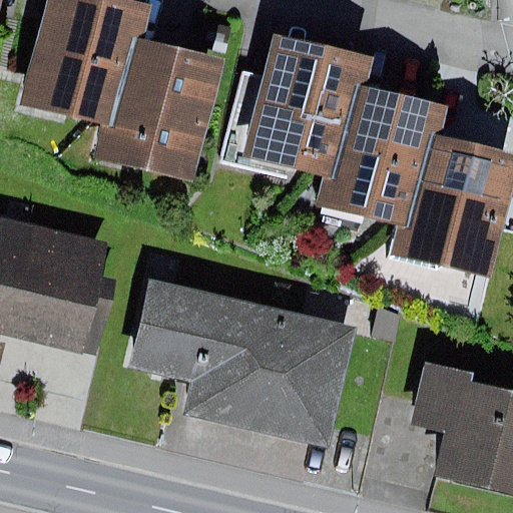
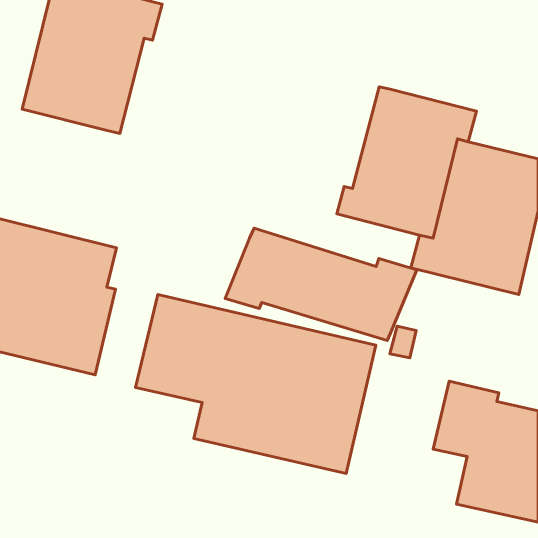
building: [243,31,376,178] -> none
building: [92,36,224,181] -> none
building: none -> [225,228,417,341]

